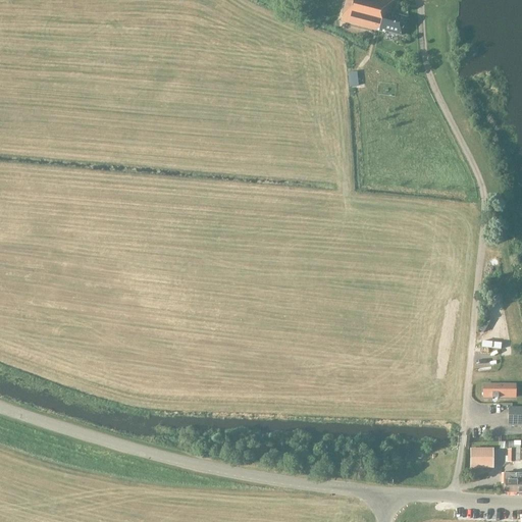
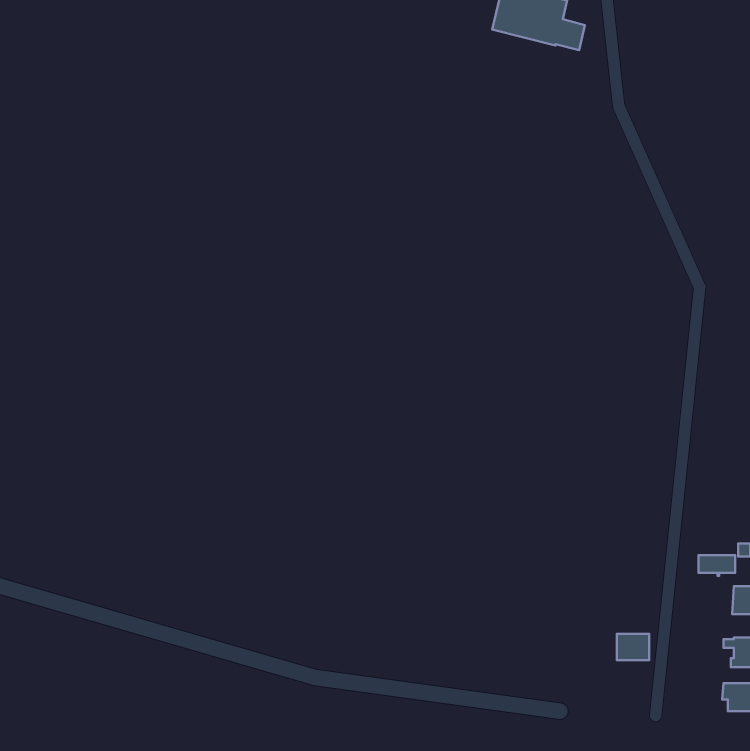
building: [472,449,494,467] -> [617,634,649,660]

